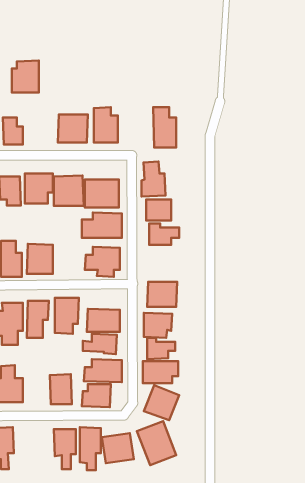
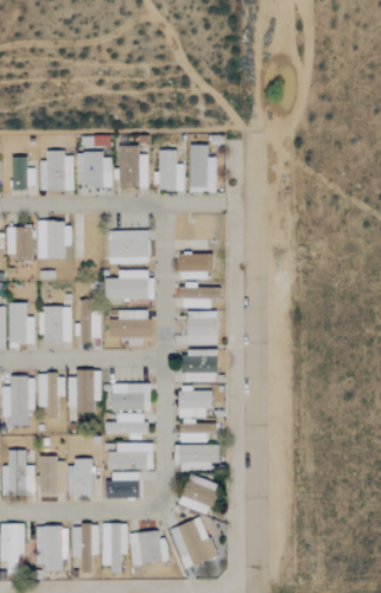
building: [12,60,39,93] -> [40,152,72,190]
building: [141,161,165,196] -> [155,149,184,191]
building: [54,176,84,206] -> none
building: none -> [186,311,217,344]
building: none -> [38,457,65,496]
building: none -> [36,527,68,570]

